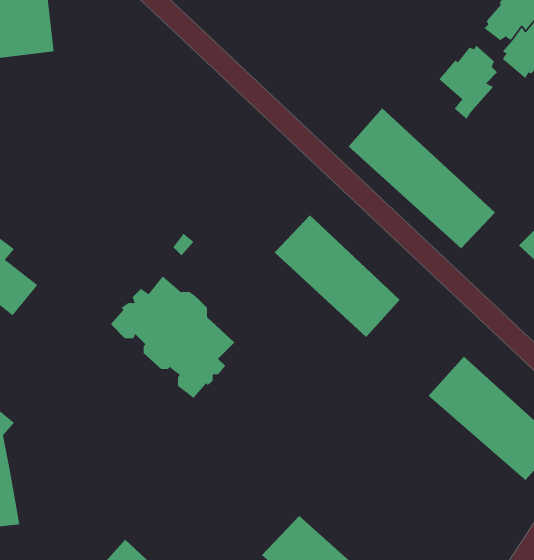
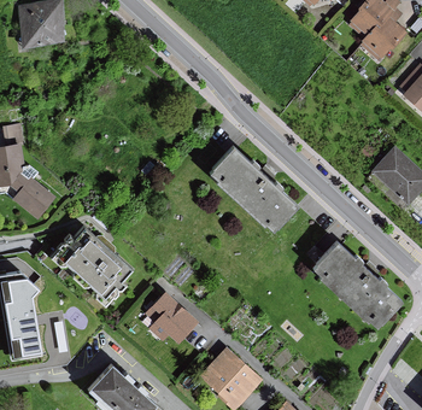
building: [438,45,498,120] -> none
building: [348,108,496,249] -> none
building: [110,275,235,399] -> [48,224,131,306]
building: none -> [147,292,197,342]

